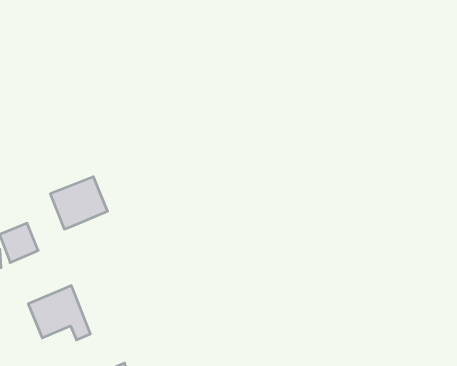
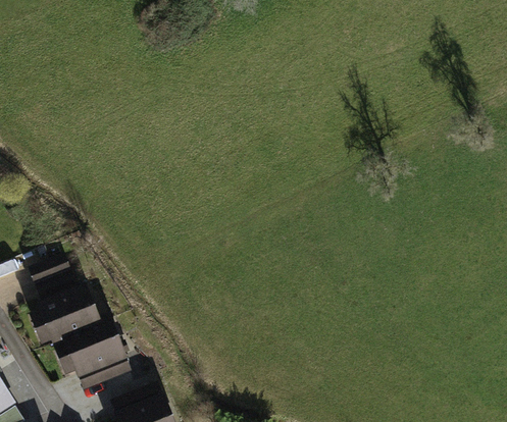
building: [50,177,108,229] -> [34,289,92,342]

